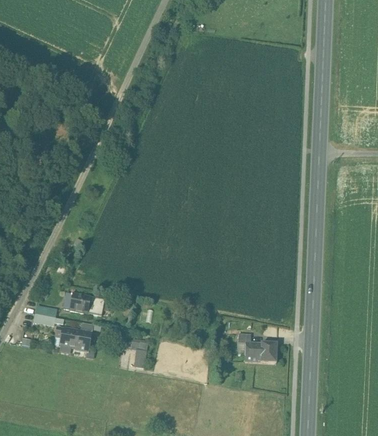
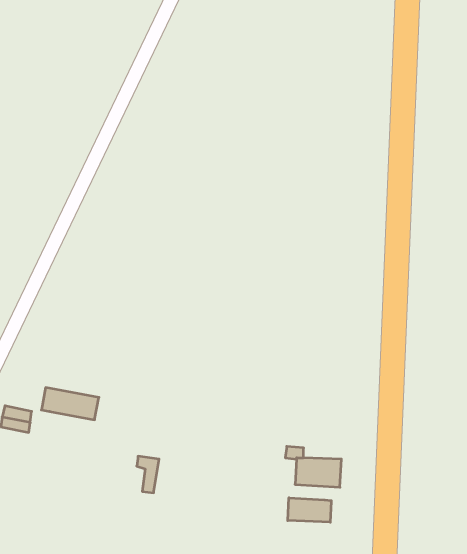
building: [54,326,91,351] -> none
building: none -> [288,498,331,522]

